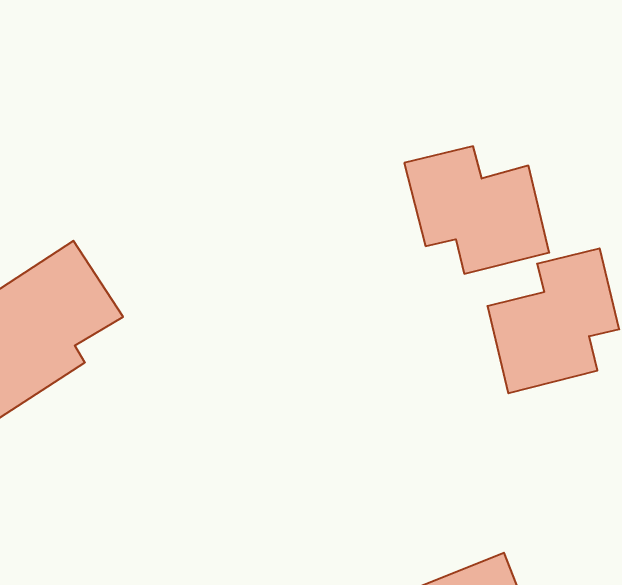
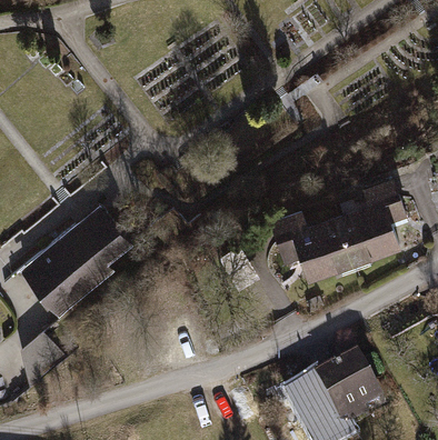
building: [404,146,549,274] -> [267,209,354,281]

